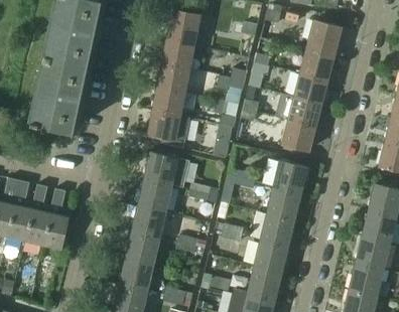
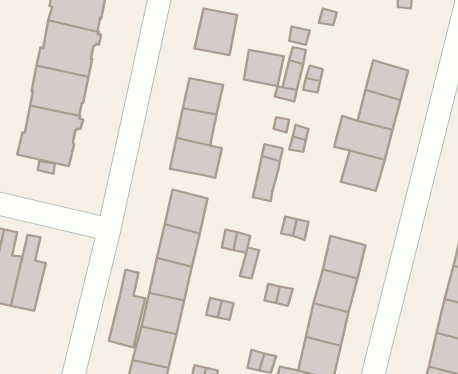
building: [306,20,341,57] -> none
building: [163,40,194,68] -> [244,50,284,86]
building: [273,160,306,193] -> none
building: [42,189,71,250] -> [109,270,145,347]

